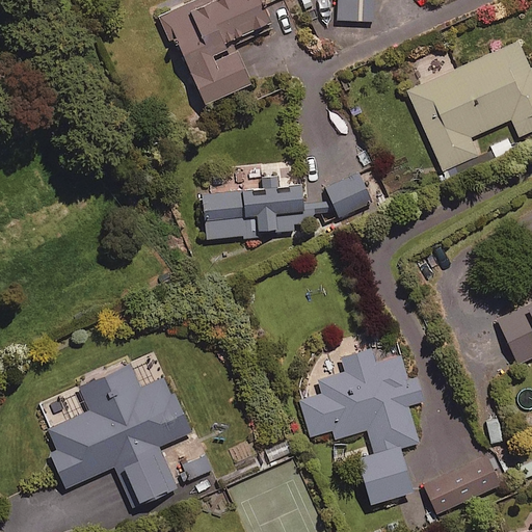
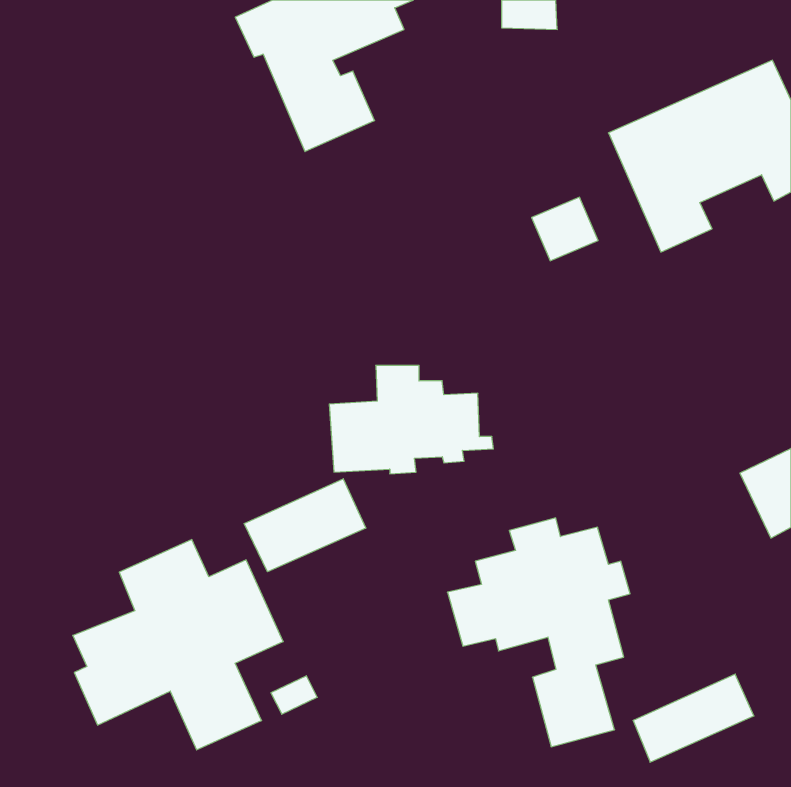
building: [203,167,313,240] -> [329,365,493,474]
building: [326,175,371,217] -> [532,197,598,261]
building: none -> [244,479,366,572]

